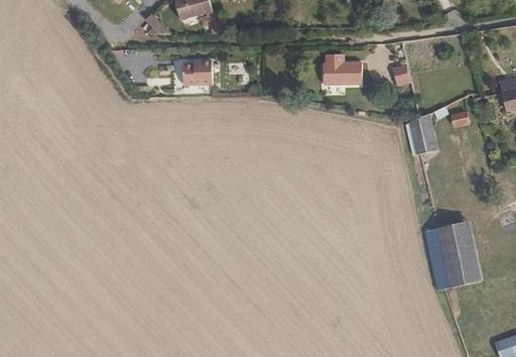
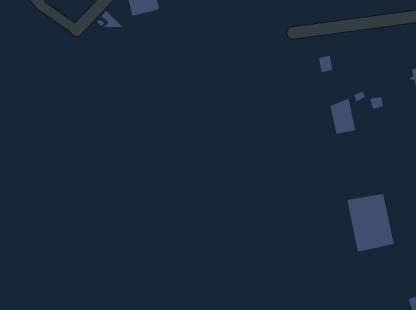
building: [324,54,363,84] -> none
building: [183,58,213,83] -> none

